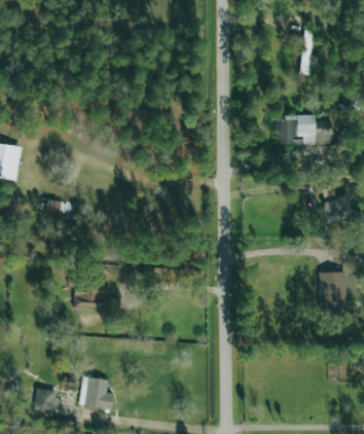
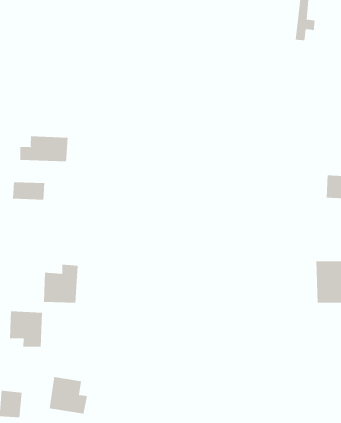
building: [277,116,333,145] -> none
building: none -> [20,136,68,162]
building: none -> [10,310,42,348]

